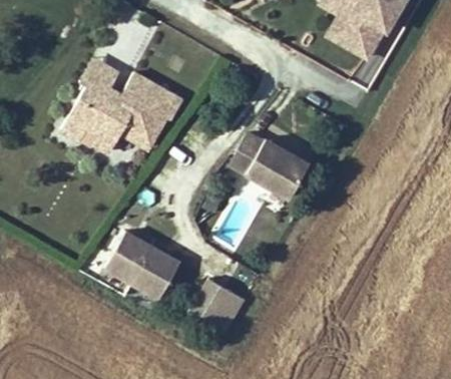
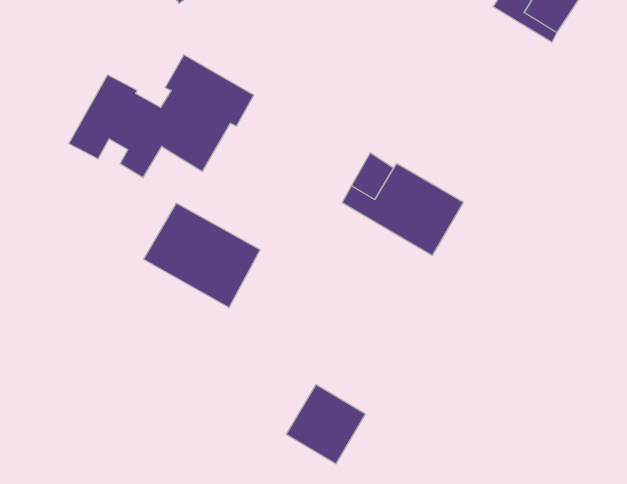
building: [76,58,115,95] -> none
building: [105,232,180,299] -> [144,203,260,308]

